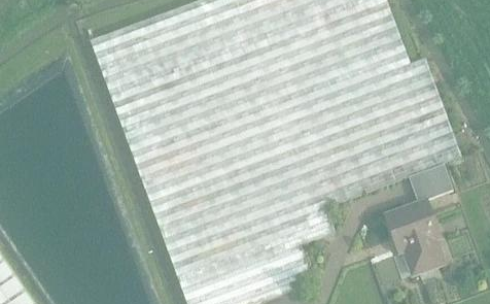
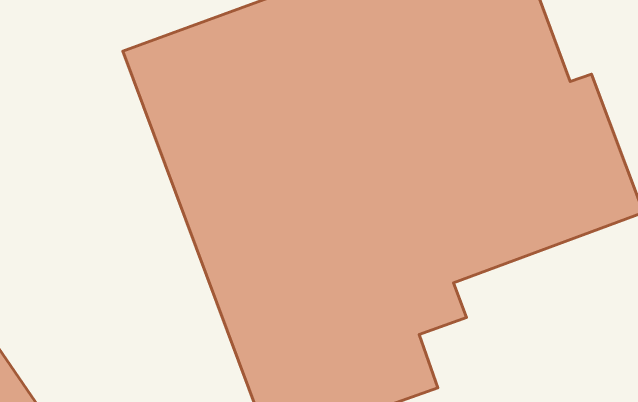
building: [385,163,453,273] -> none

